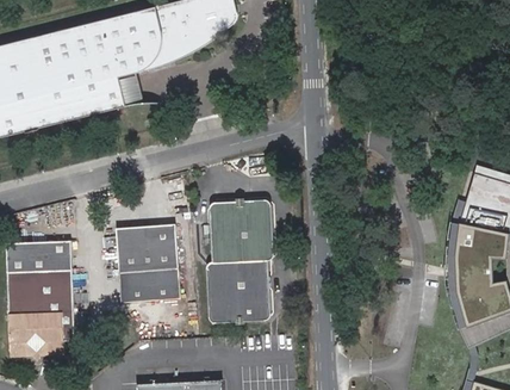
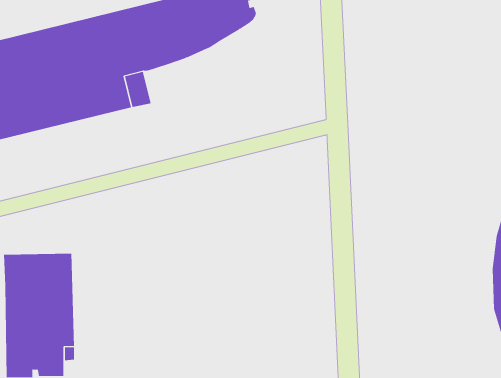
building: [206,200,274,323] -> none
building: [114,224,179,303] -> none

